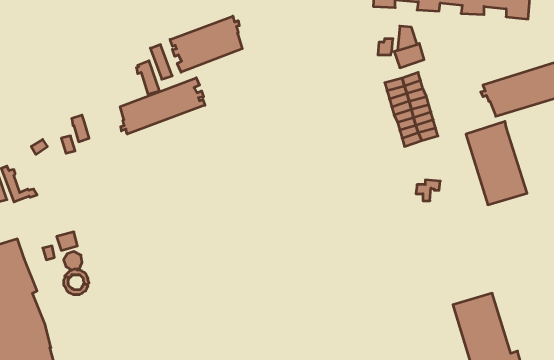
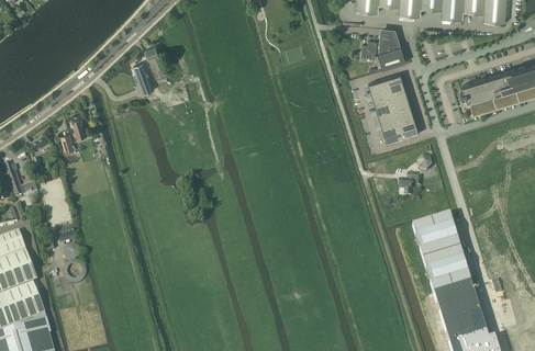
building: [170,16,242,72] -> none
building: [120,78,205,134] -> none
building: [466,121,527,205] -> [412,214,470,293]

